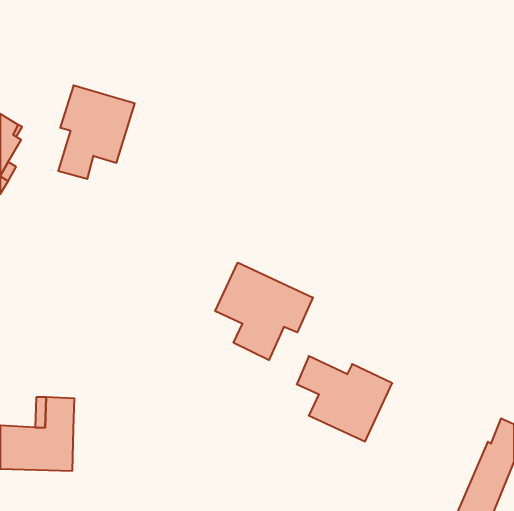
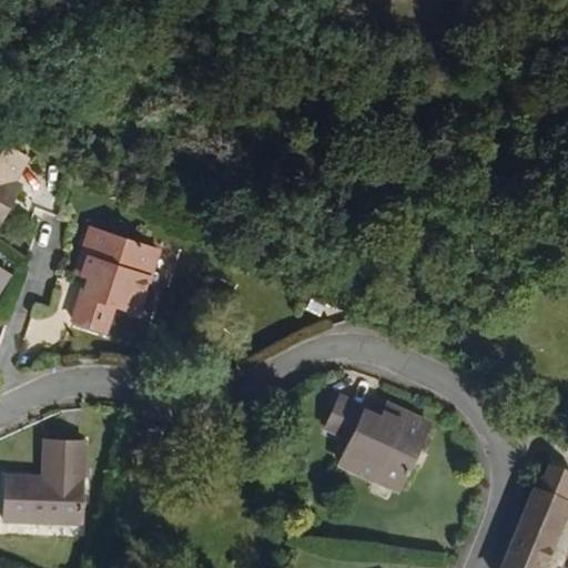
building: [58,85,135,179] -> [73,230,158,333]
building: [215,263,313,360] -> none

